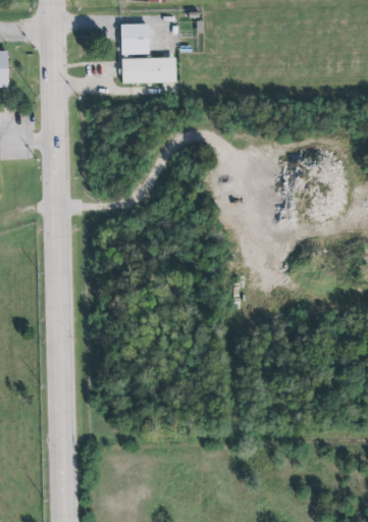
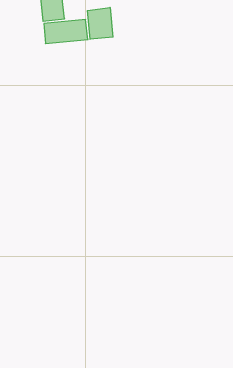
building: none -> [87,7,113,39]

